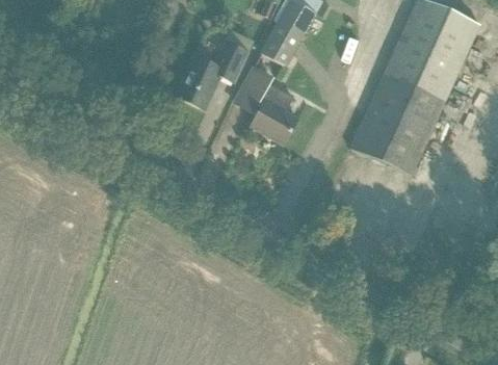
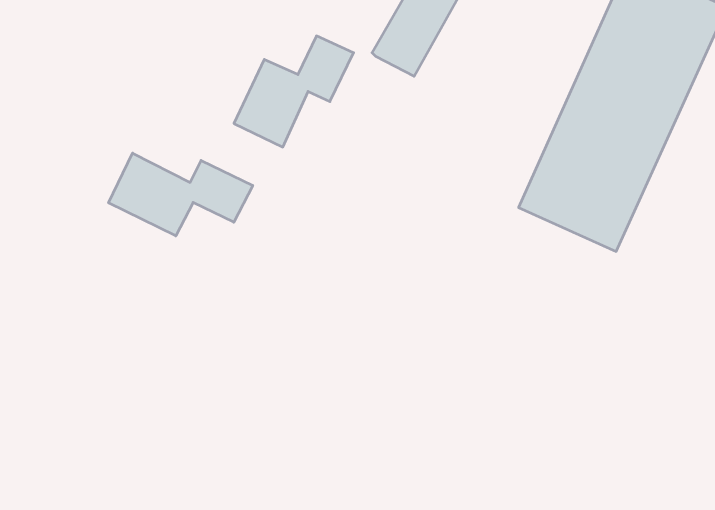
building: [235,52,298,144] -> none
building: none -> [109,153,253,236]

